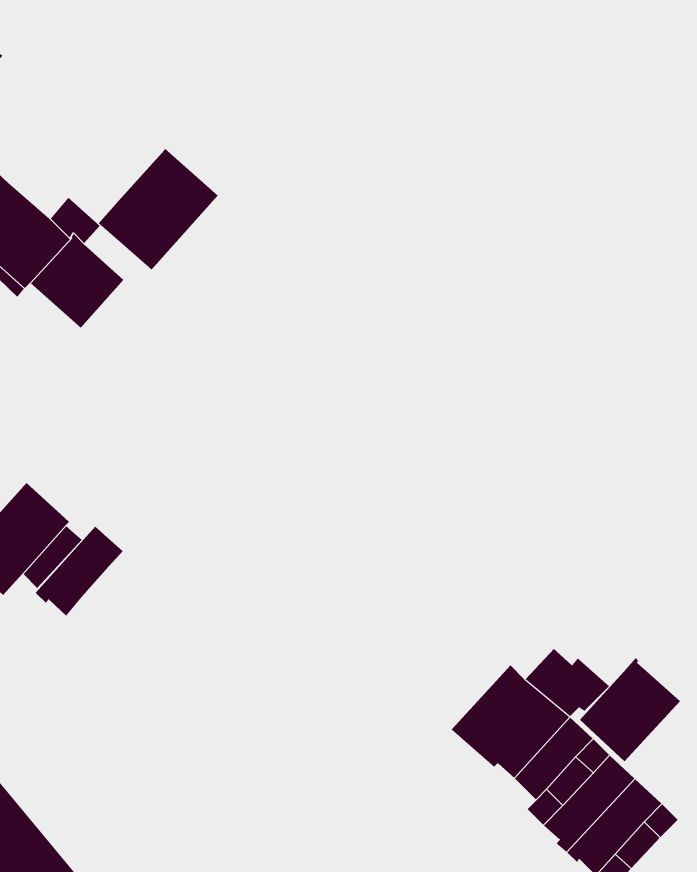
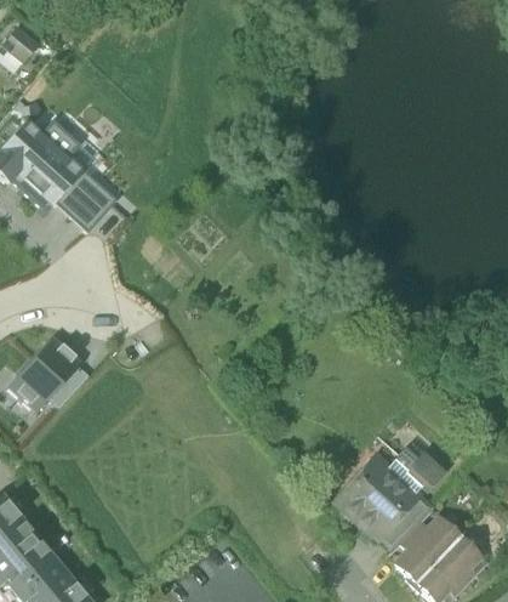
building: [98,148,219,271] -> none
building: none -> [41,118,81,157]
building: [35,526,124,616] -> none
building: [579,657,681,762] -> none

